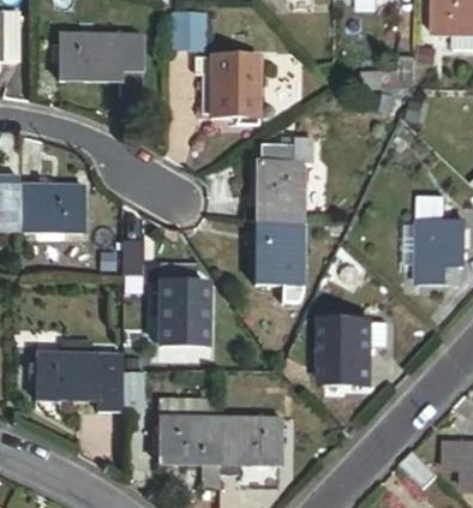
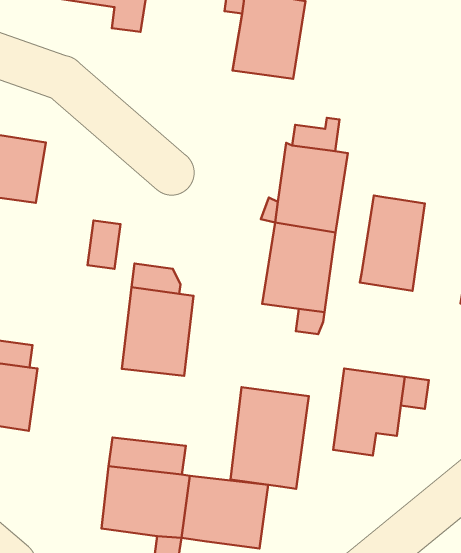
building: none -> [360,195,425,291]
building: none -> [230,387,309,489]
building: [96,353,122,411] -> none

